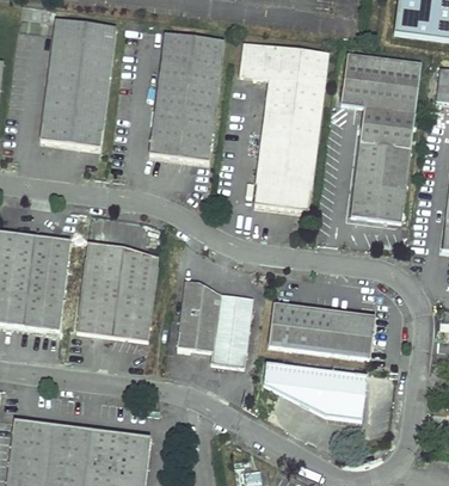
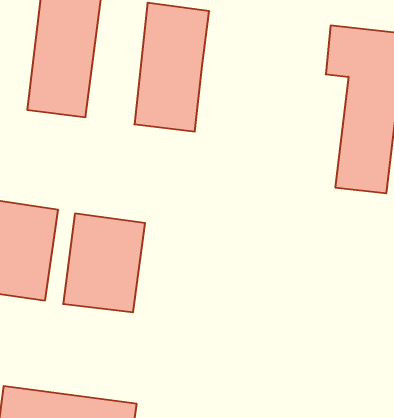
building: [239,42,328,210] -> none
building: [178,287,254,373] -> none
building: [267,304,374,359] -> none
building: [265,368,369,426] -> none

